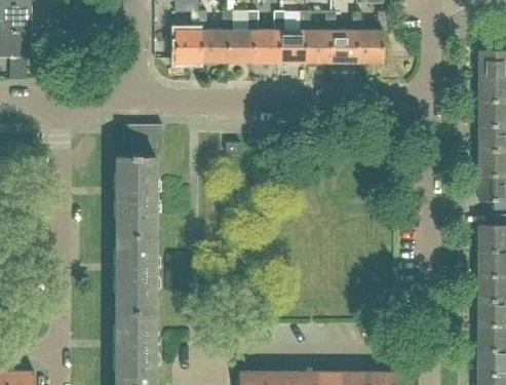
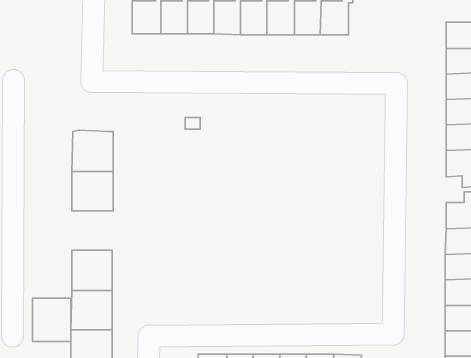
building: [123,124,163,156] -> none
building: [116,233,156,271] -> none
building: none -> [32,298,71,342]

